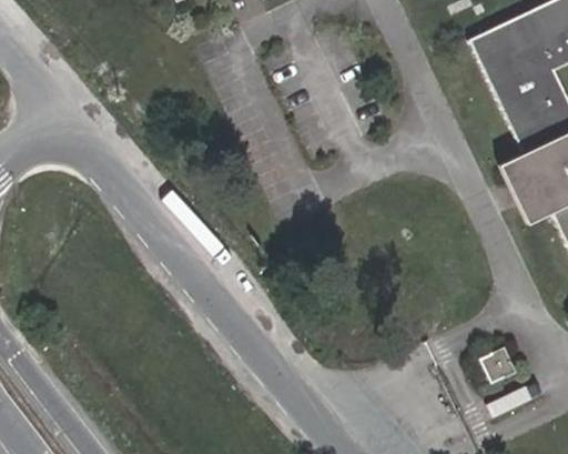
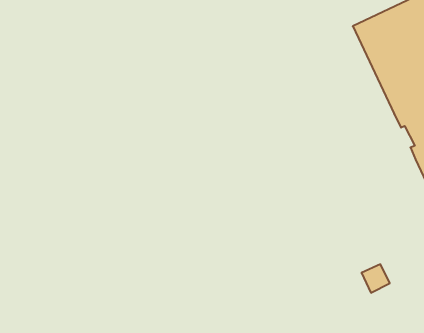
building: [503,152,554,223] -> none

